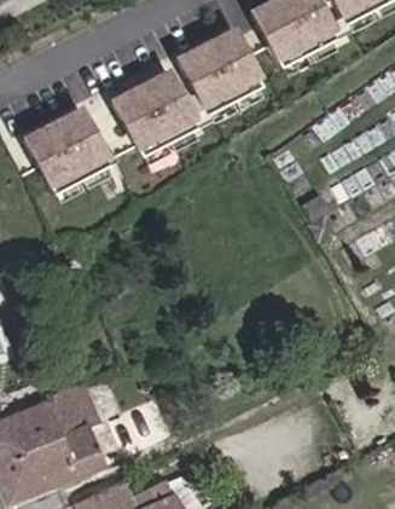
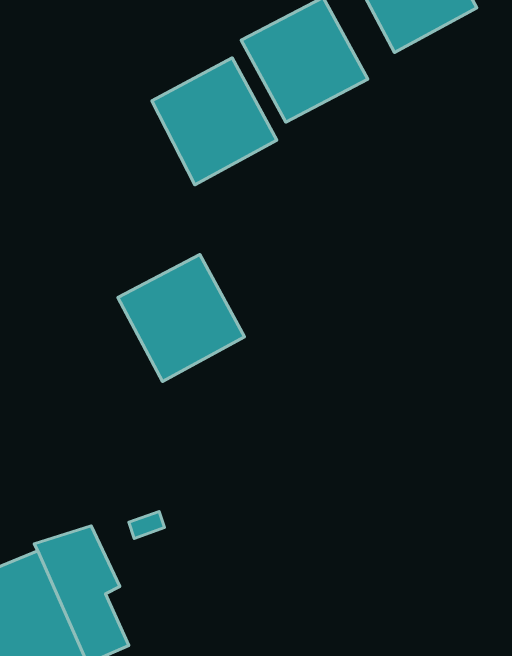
building: [29,108,115,193] -> [118,255,244,381]

